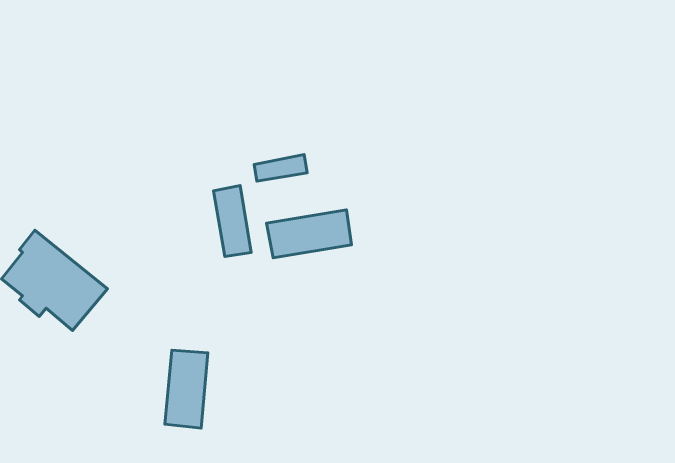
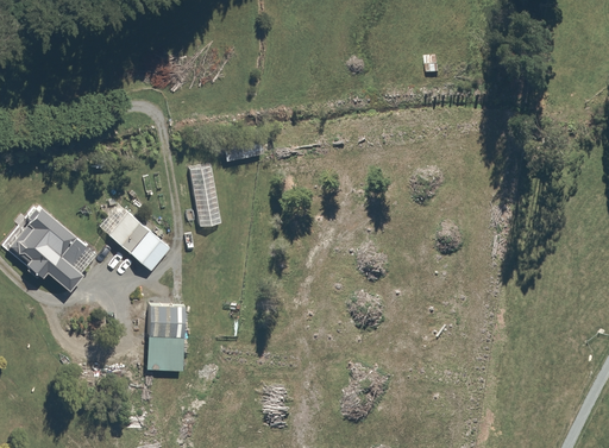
building: [267,210,352,258] -> none
building: none -> [99,206,171,272]

